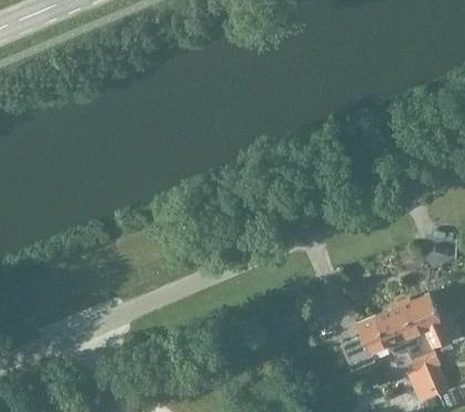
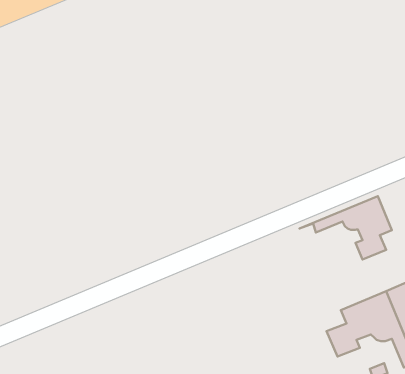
building: none -> [300,196,392,259]

